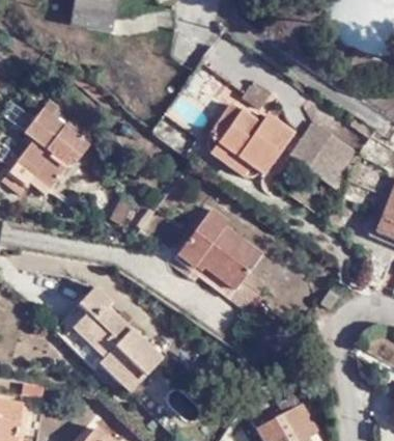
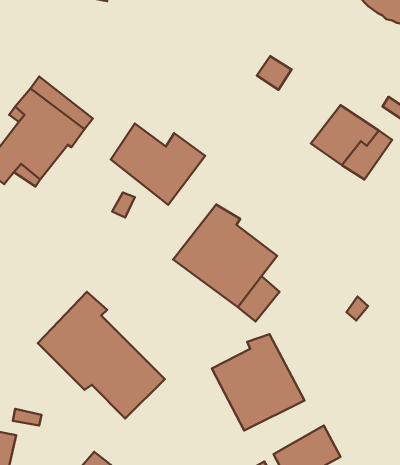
building: [209,103,291,173] -> [111,124,205,205]
building: none -> [212,334,305,430]

